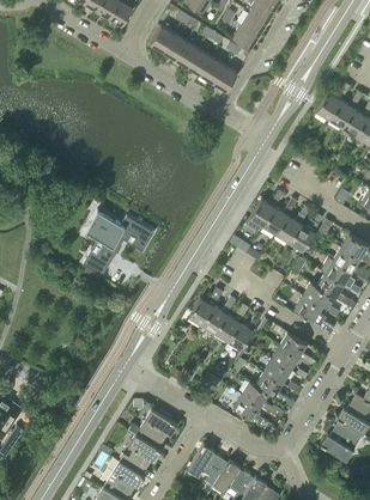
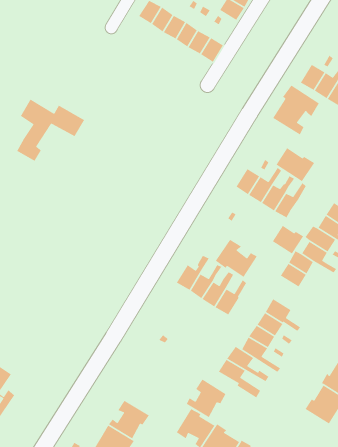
building: none -> [272,84,320,136]
building: none -> [275,147,315,182]
building: [83,211,153,275] -> [16,99,85,162]
building: none -> [272,225,304,254]
building: none -> [215,239,258,278]
building: [135,409,177,450] -> [186,379,227,418]

